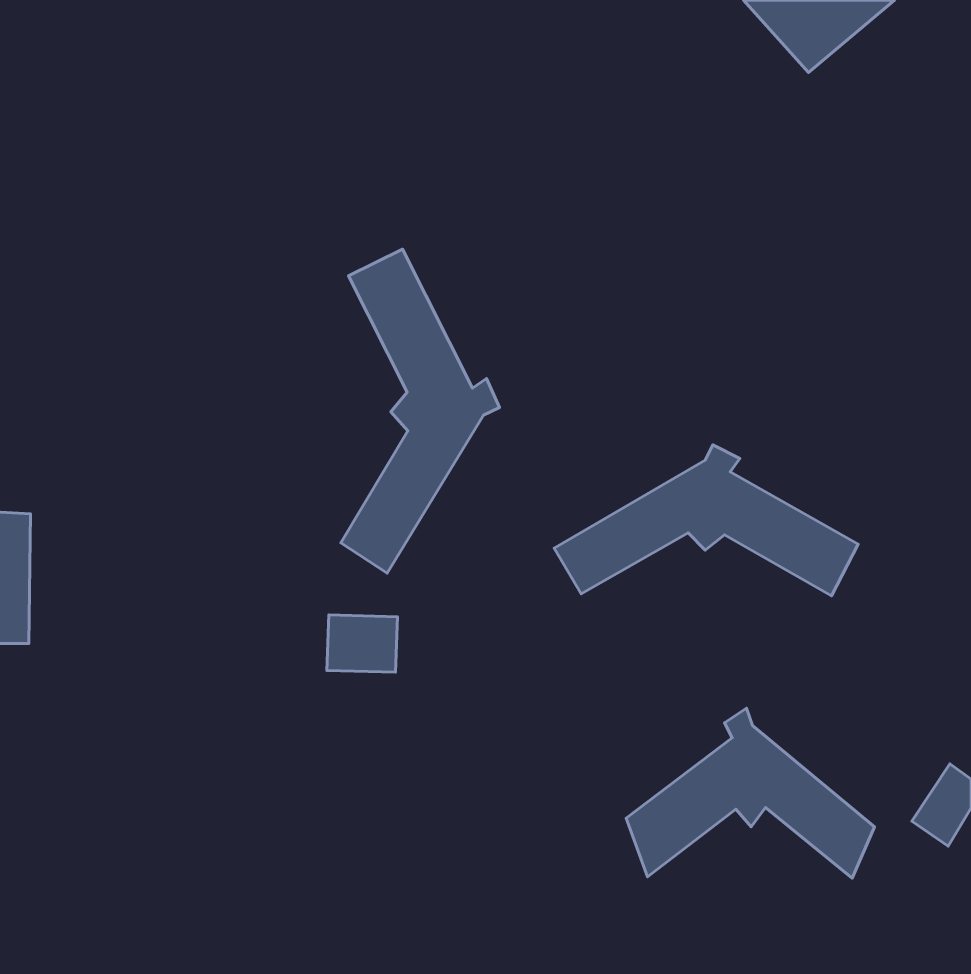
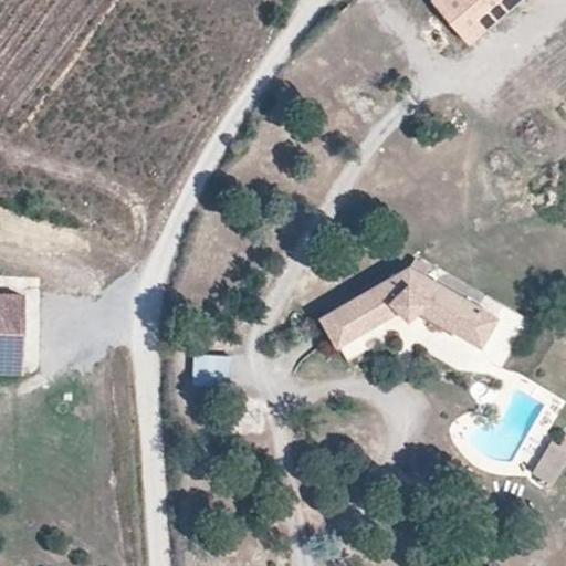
building: [341,249,499,573] -> none
building: [626,708,875,878] -> none

